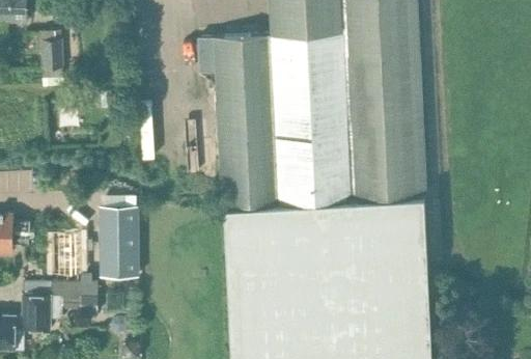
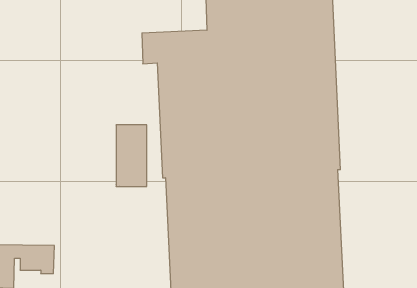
building: [39,31,62,81] -> none
building: [101,206,136,277] -> [116,125,147,186]

